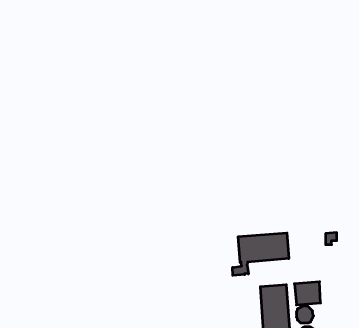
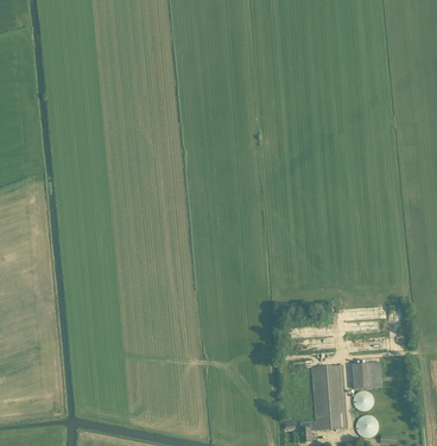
building: [233,233,289,275] -> none

